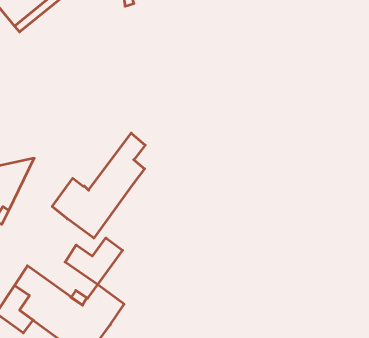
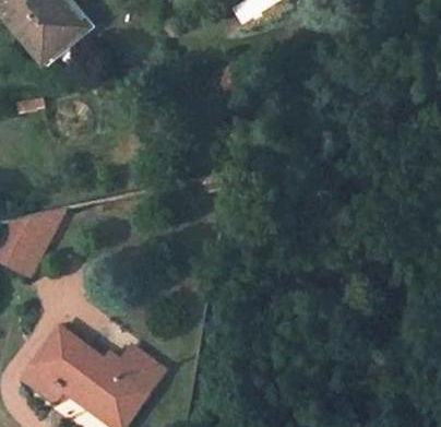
building: [52,133,145,238] -> none
building: [65,238,123,285] -> none

